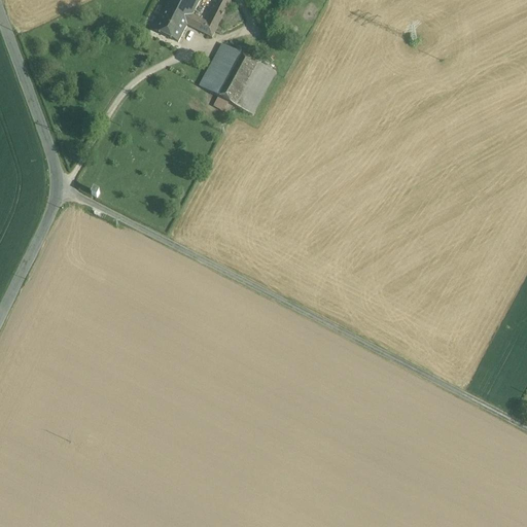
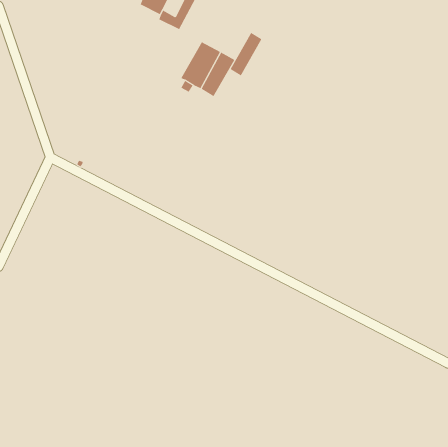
building: [152,5,187,39] -> none
building: [198,40,236,92] -> [230,32,262,76]

